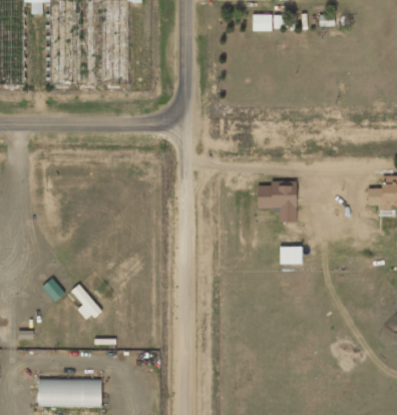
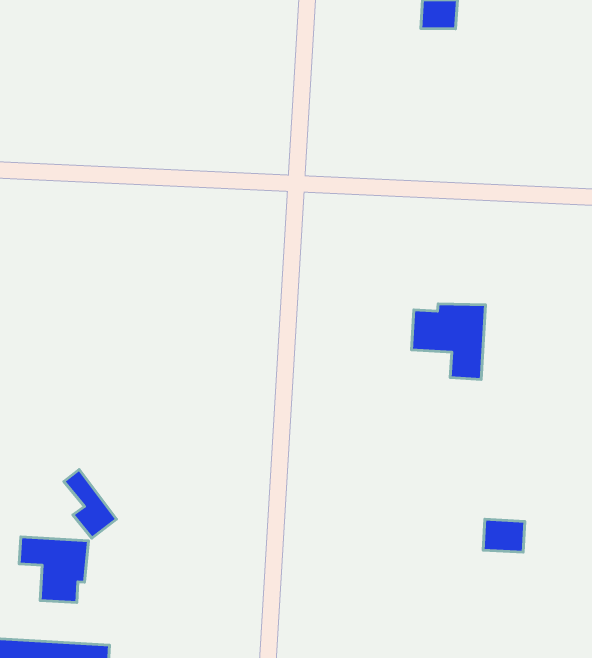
building: [280,246,302,263] -> [483,519,525,552]
building: none -> [19,537,89,603]

